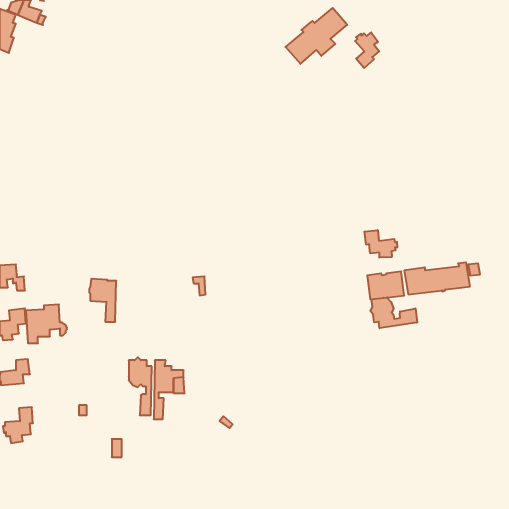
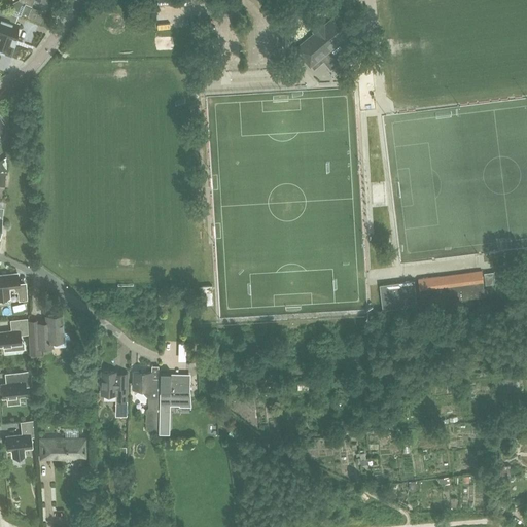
building: [355,32,379,68] -> none
building: [364,230,397,258] -> none
building: [89,279,116,322] -> [99,372,127,416]
building: [371,297,417,328] -> none
building: none -> [40,438,84,460]

